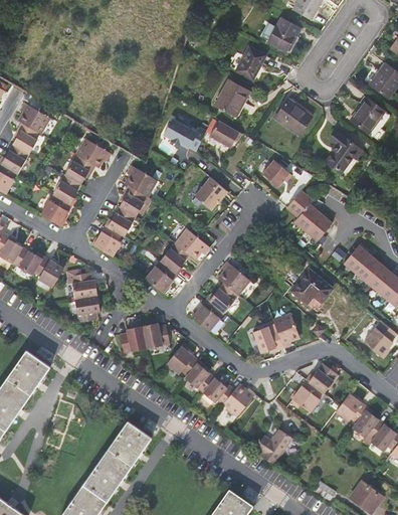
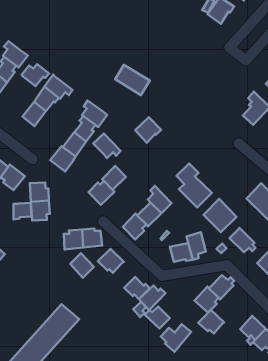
building: [236,47,264,78] -> none
building: [214,79,248,115] -> none
building: [273,99,312,135] -> none
building: [210,120,242,147] -> none
building: none -> [21,64,49,86]
building: [261,159,290,186] -> none
building: [287,188,334,241] -> [176,164,212,207]
building: [40,196,71,225] -> none
building: [174,228,209,259] -> [93,133,121,158]
building: none -> [13,203,31,219]
building: none -> [230,228,256,252]
building: [185,362,214,392] -> [71,253,94,278]
building: [335,393,367,422] -> [198,310,224,334]
building: none -> [145,307,170,329]

